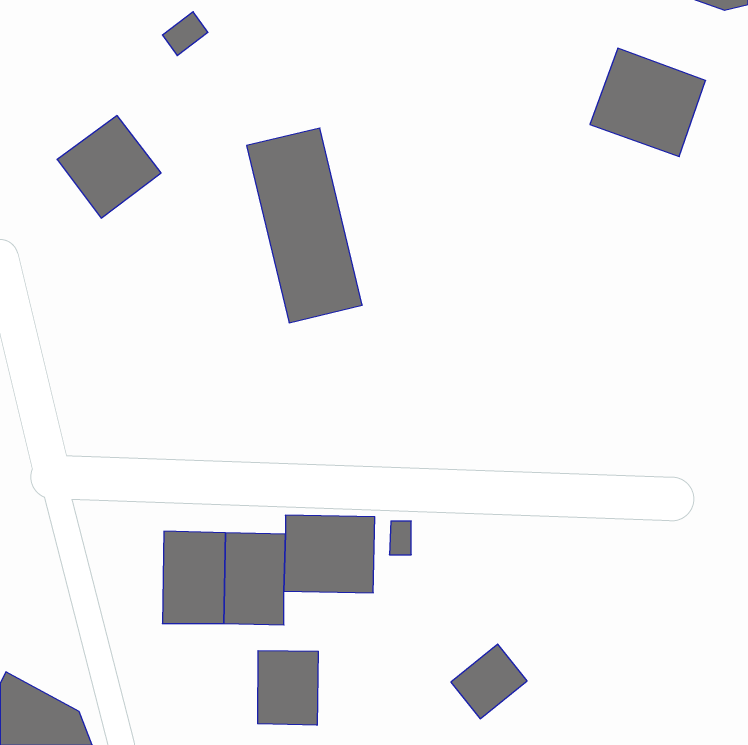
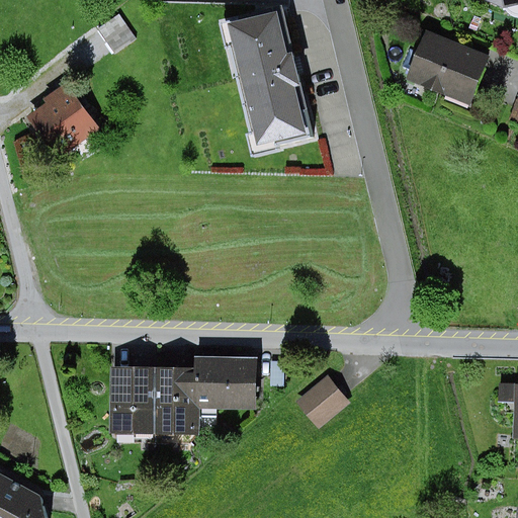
building: [247,128,362,323] -> [223,11,303,146]
building: [451,644,527,719] -> [295,374,348,426]
building: [258,651,318,725] -> none

